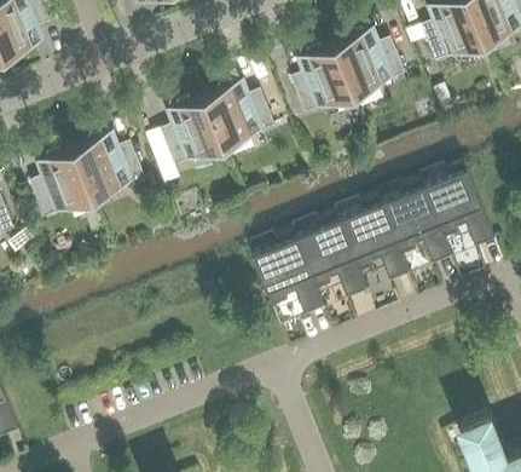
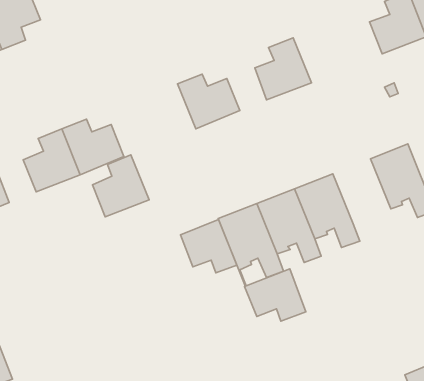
building: [332,35,403,97] -> none
building: [158,98,222,168] -> [92,155,149,217]
building: [377,183,450,266] -> none
building: none -> [180,220,237,273]
building: none -> [245,269,306,321]

